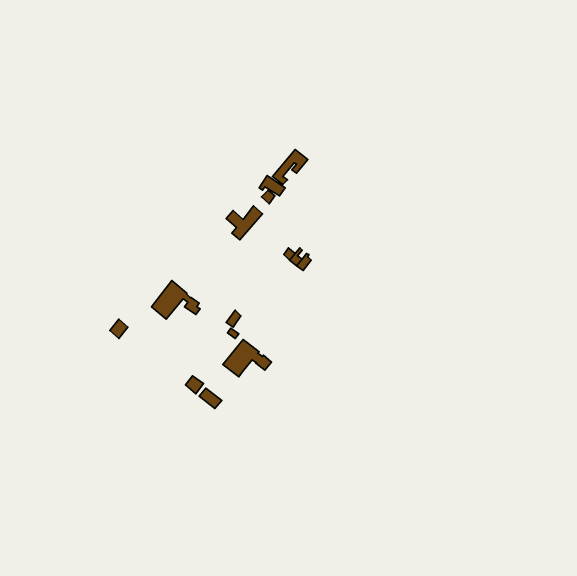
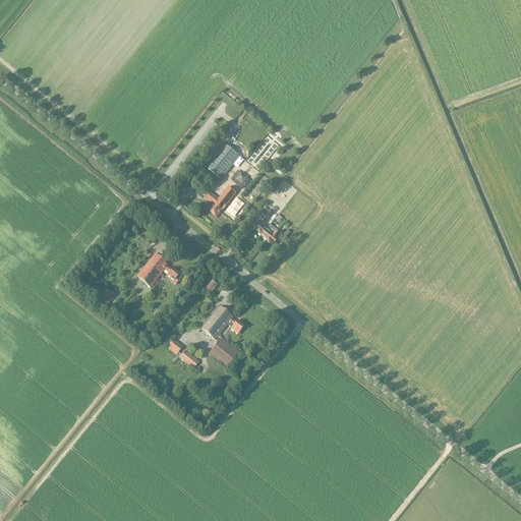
building: none -> [206,141,241,178]
building: none -> [209,335,240,367]

